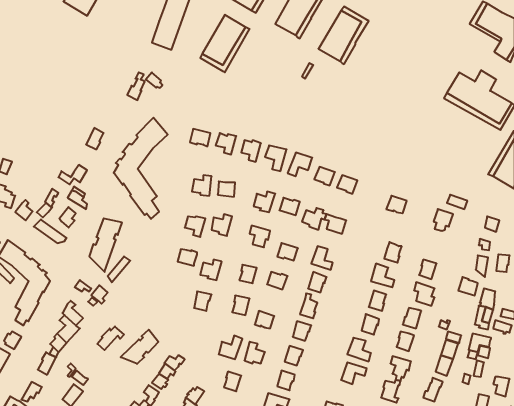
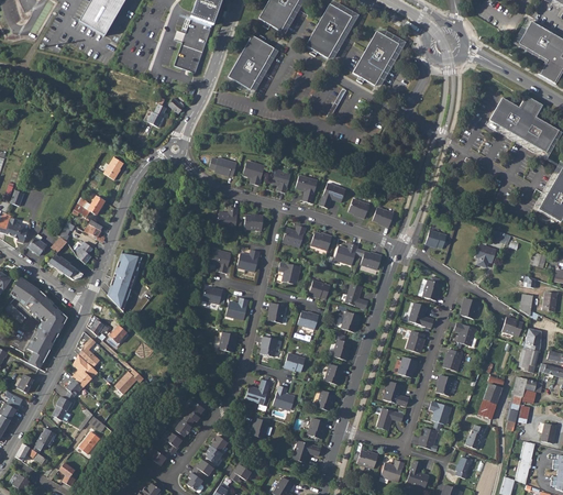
building: [114,118,168,219] -> none
building: [121,330,158,364] -> none

